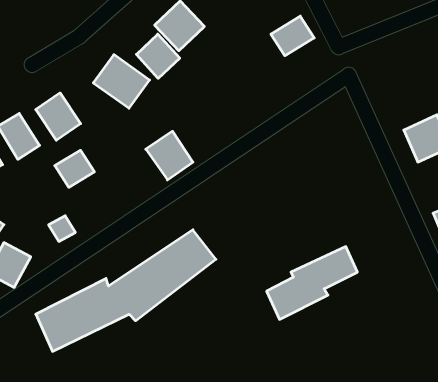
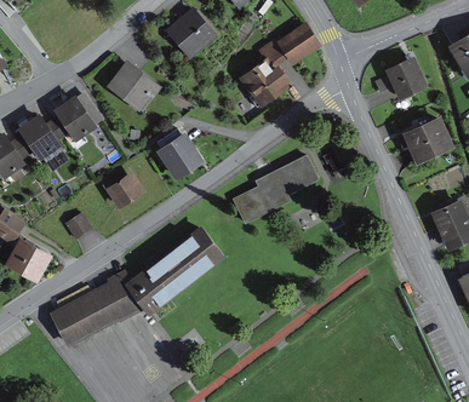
building: [136,34,180,78] -> none
building: none -> [238,53,287,107]
building: none -> [385,58,427,100]
building: [55,150,94,187] -> [108,173,145,208]
building: [267,247,357,319] -> [233,155,319,224]

